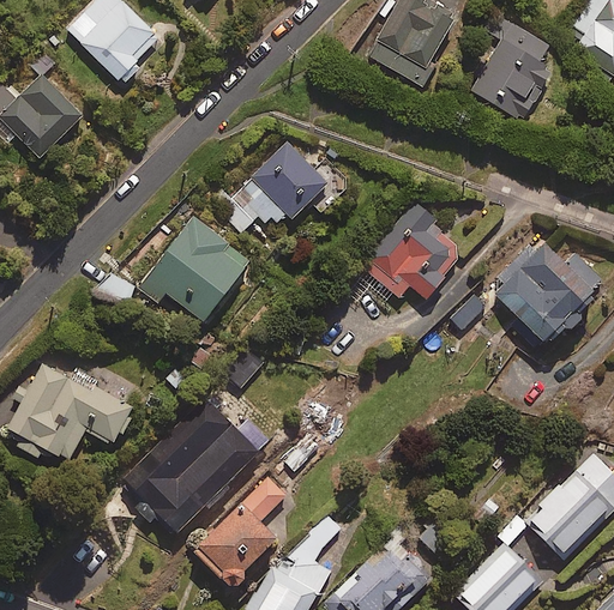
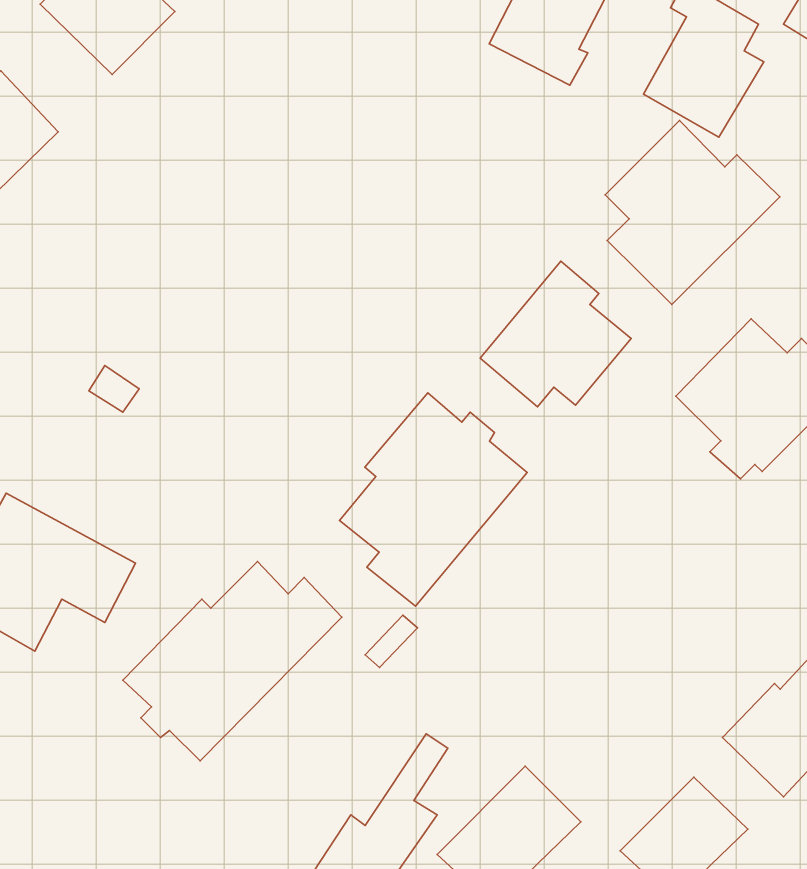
building: none -> [605,121,780,305]
building: [213,143,347,234] -> none
building: [138,216,248,320] -> none
building: none -> [340,393,527,606]
building: [192,477,287,584] -> none

